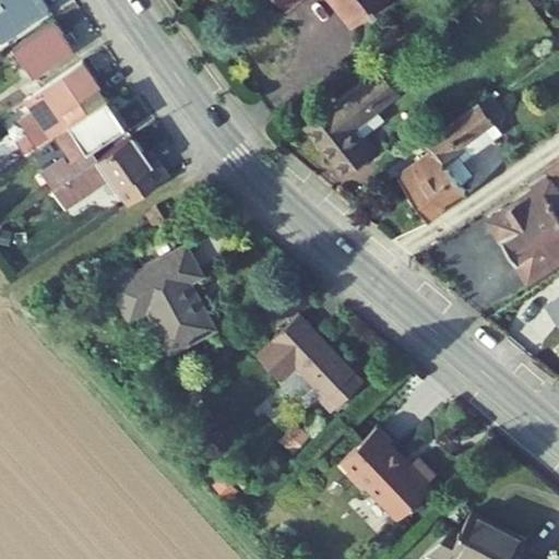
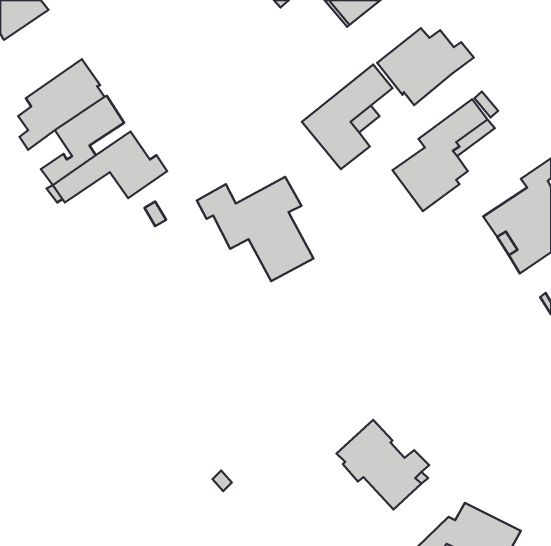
building: [13,24,73,80] -> none
building: none -> [377,28,474,105]
building: [96,249,214,355] -> [197,177,313,281]
building: [258,317,362,414] -> none

